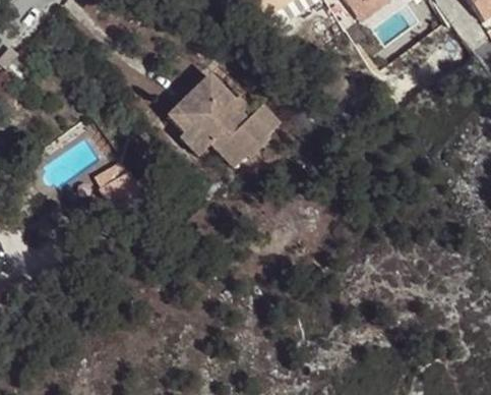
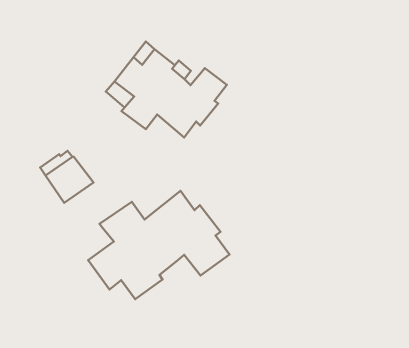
building: none -> [88,191,230,299]

